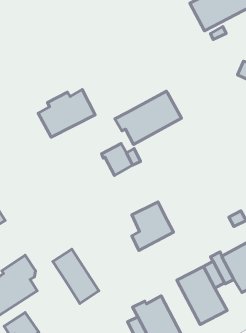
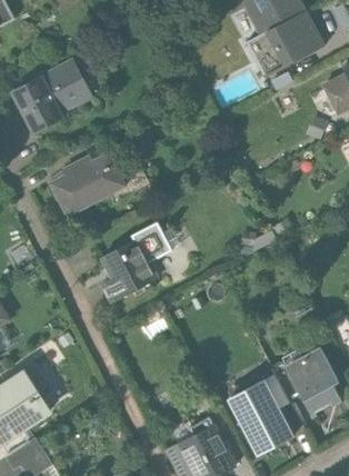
building: none -> [11,59,91,132]
building: [115,91,181,144] -> none
building: [132,202,173,250] -> [102,239,156,301]
building: [53,249,99,303] -> none

